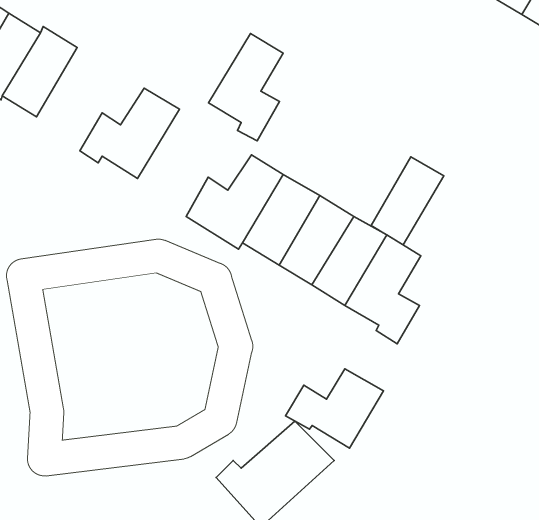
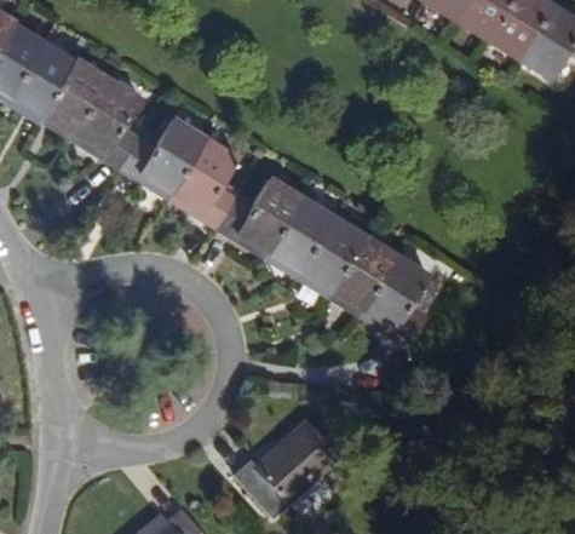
building: [209,33,283,141] -> [163,134,232,234]
building: none -> [70,77,136,173]
building: [371,157,444,245] -> none
building: [286,369,383,448] -> none

